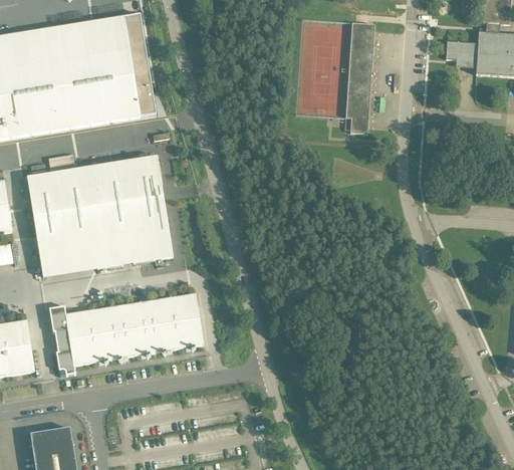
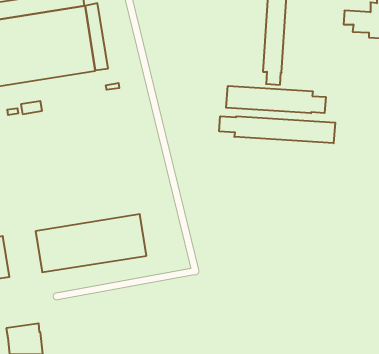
building: none -> [226,86,326,113]
building: [27,155,173,276] -> none
building: none -> [219,116,335,143]
building: [49,304,75,374] -> none

